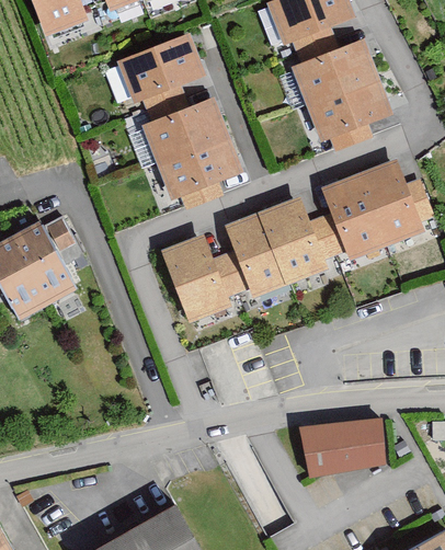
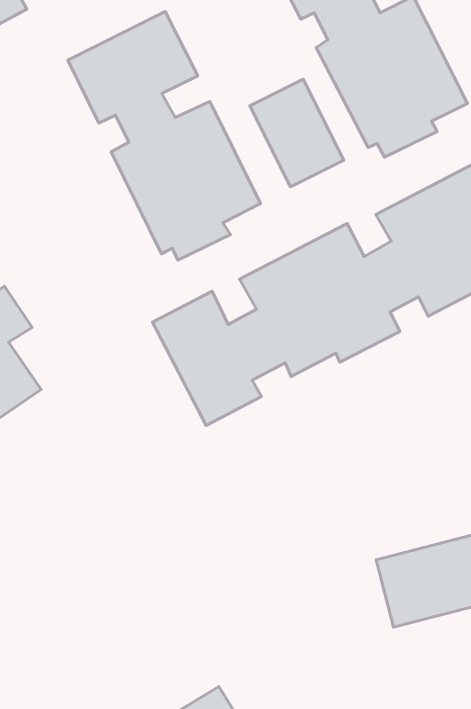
building: none -> [250,79,344,187]

